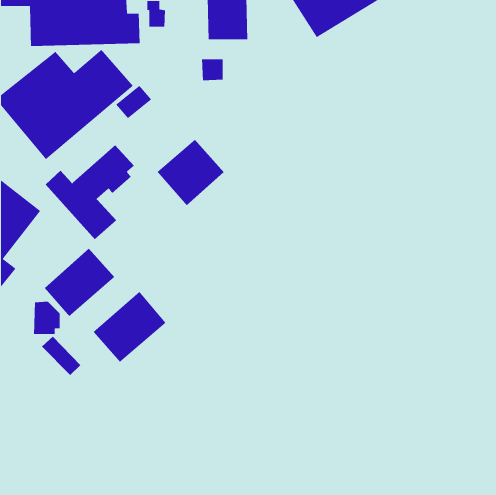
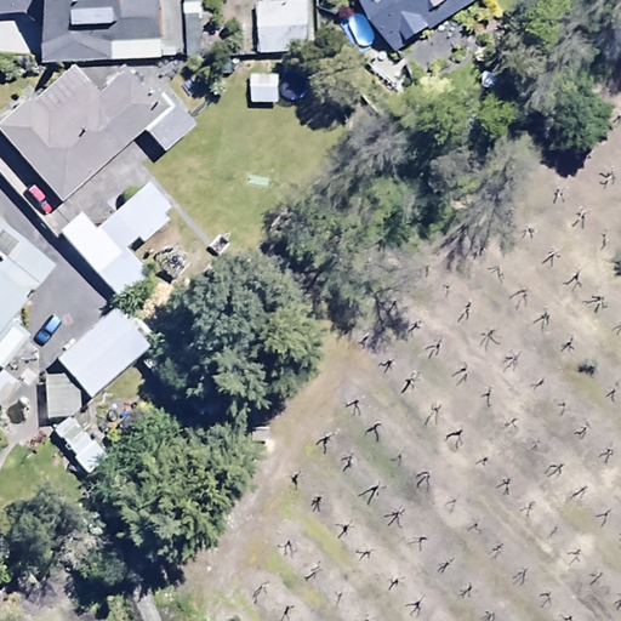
building: [157,139,225,206] -> none
building: [93,291,167,363] -> none

